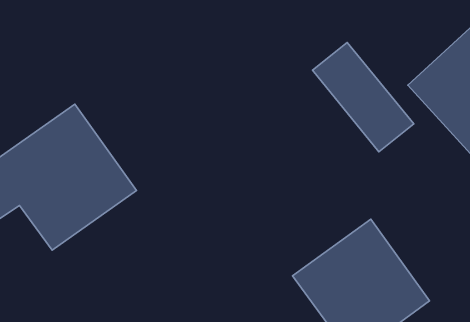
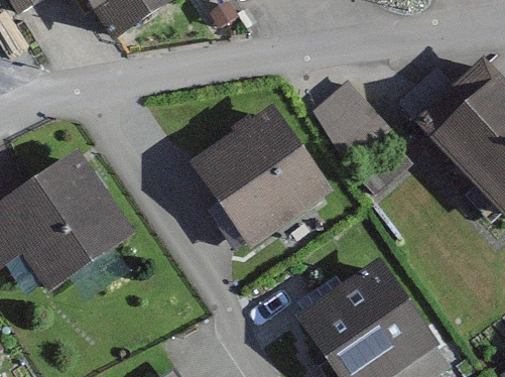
building: none -> [191,111,328,249]

